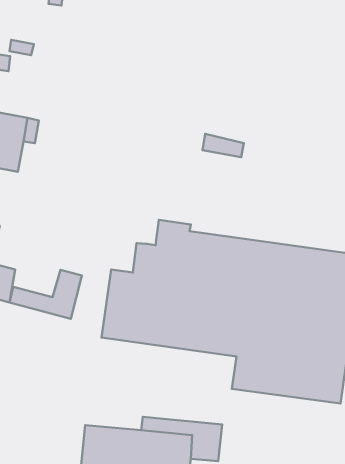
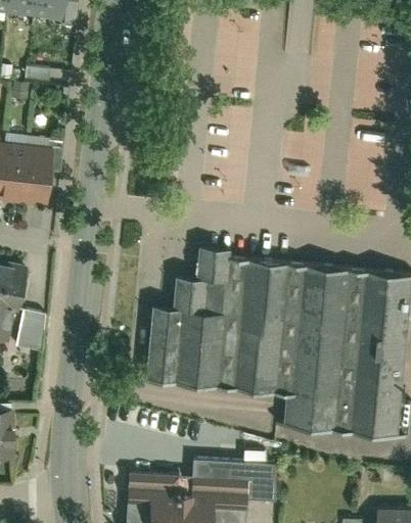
building: [203,134,244,157] -> none
building: [9,270,82,319] -> none

